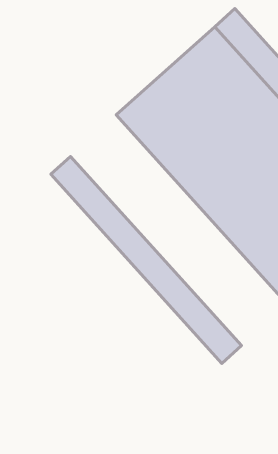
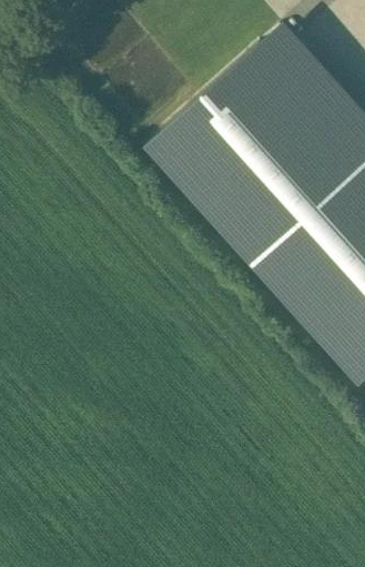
building: [51,156,242,363] -> none

